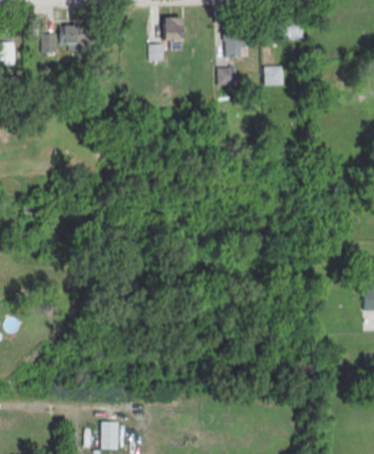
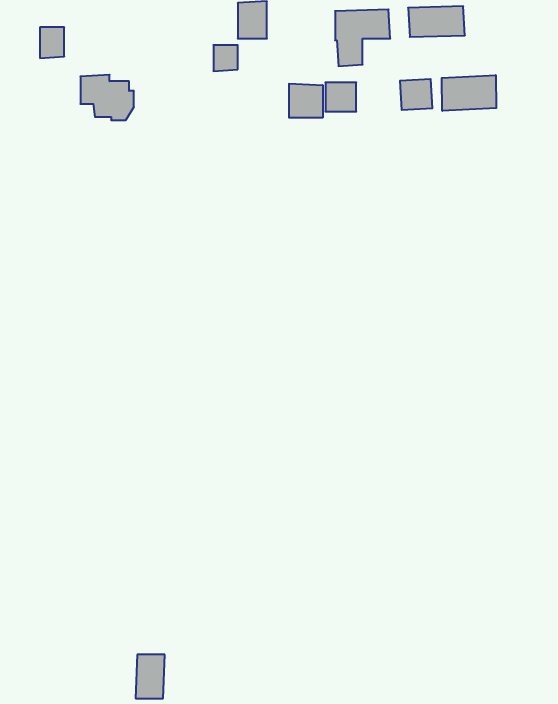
building: [61,25,94,53] -> [80,75,134,120]
building: none -> [442,75,496,111]
building: none -> [289,84,323,118]

